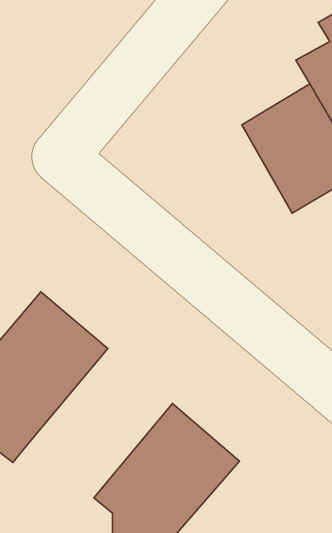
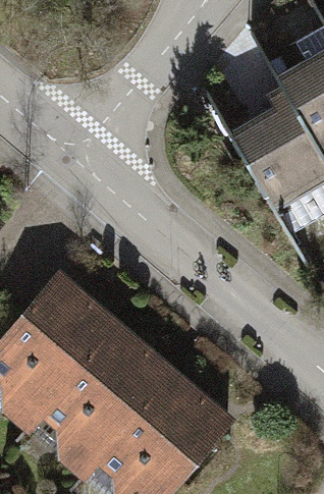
building: none -> [45,326,169,473]

